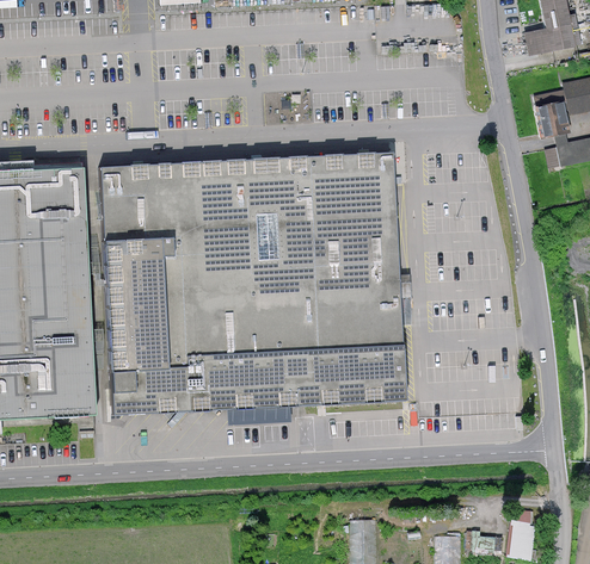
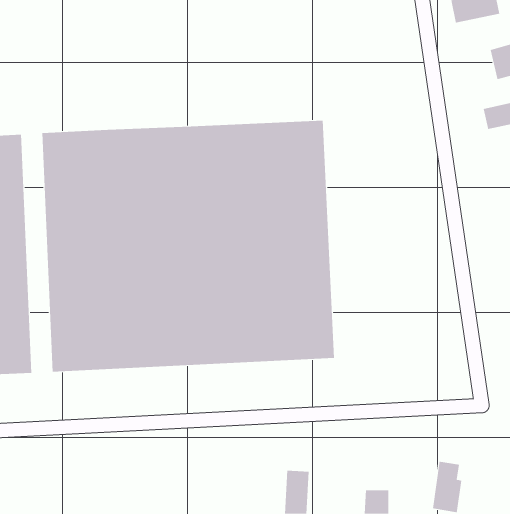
building: [534,88,571,136] -> none
building: [466,529,503,550] -> none

